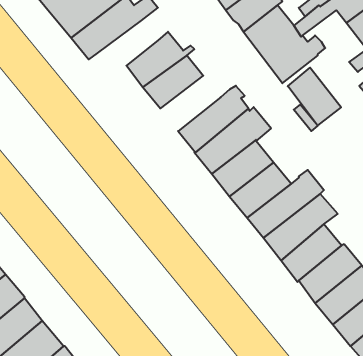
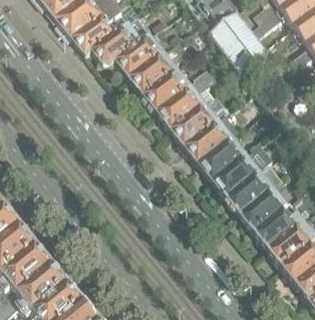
building: none -> [94,22,142,63]
building: [288,68,341,126] -> none
building: none -> [144,66,193,110]

